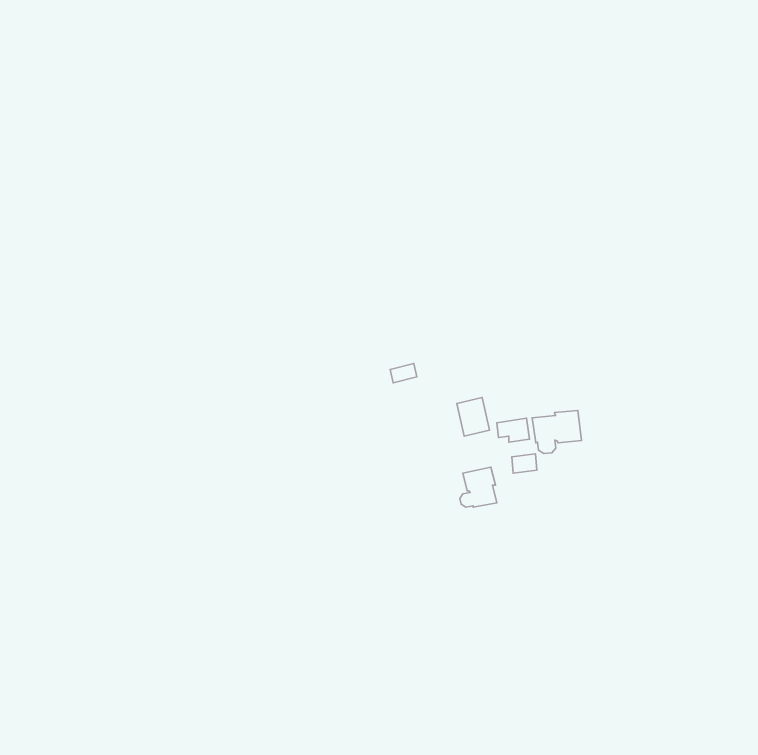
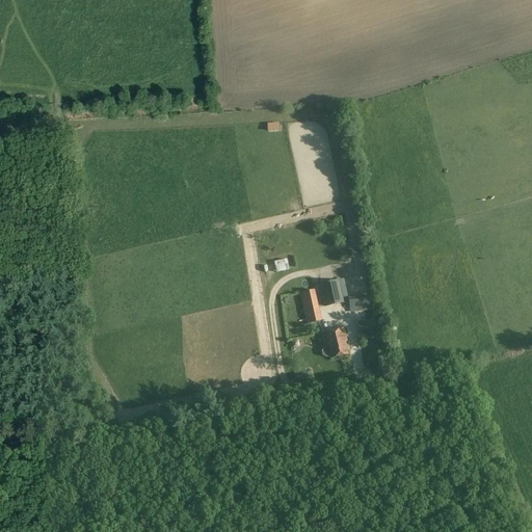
building: [532,410,581,453] -> none
building: none -> [299,288,321,322]

